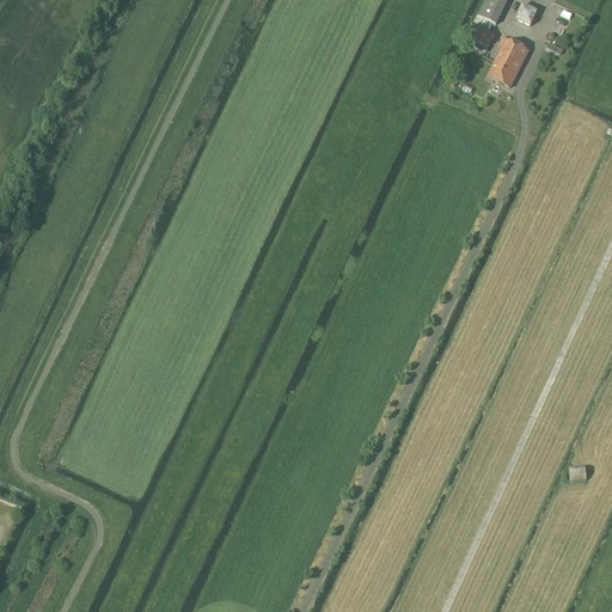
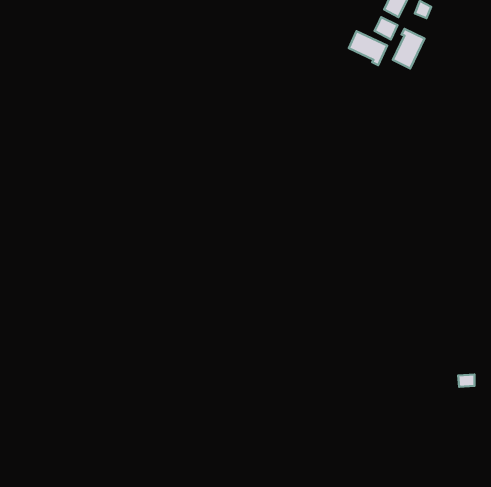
building: none -> [349,31,387,65]

